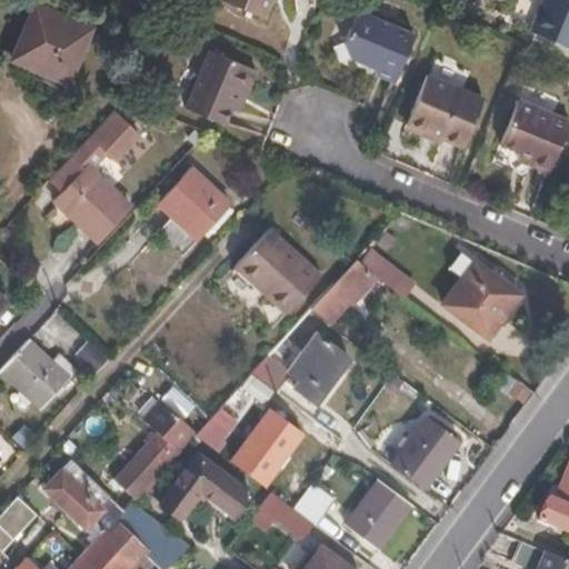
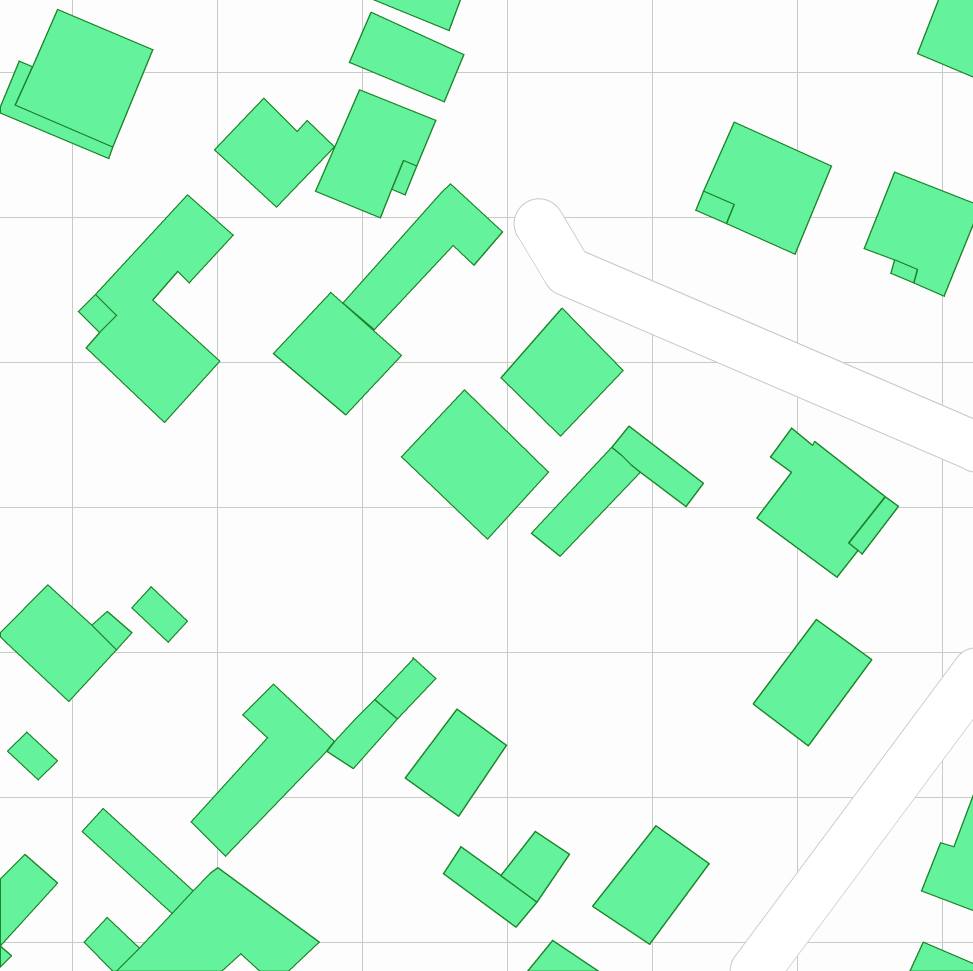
building: none -> [349,12,464,102]
building: [341,10,412,82] -> none
building: none -> [215,98,335,207]
building: none -> [343,184,503,330]
building: none -> [501,308,623,436]
building: [254,329,352,401] -> none
building: [392,419,461,492] -> [753,620,872,746]
building: [159,455,249,519] -> none

